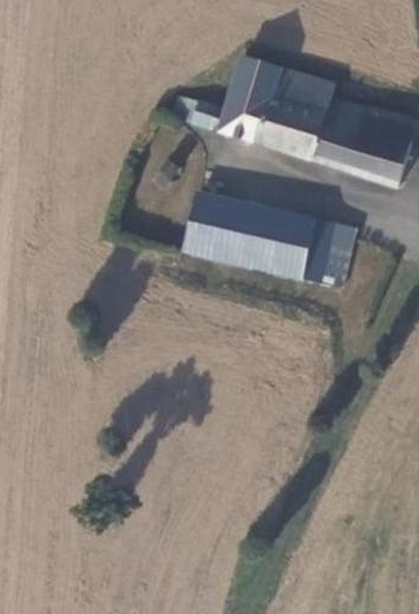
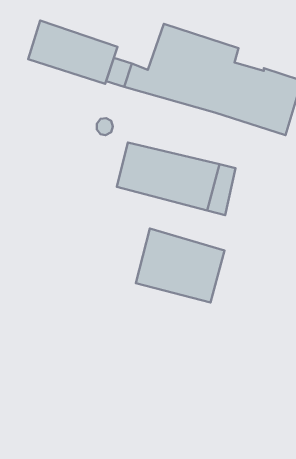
building: none -> [28,20,117,84]
building: none -> [136,229,224,303]

